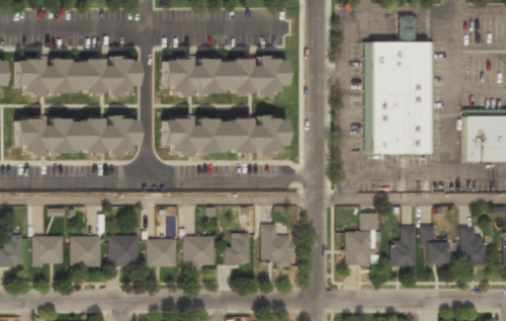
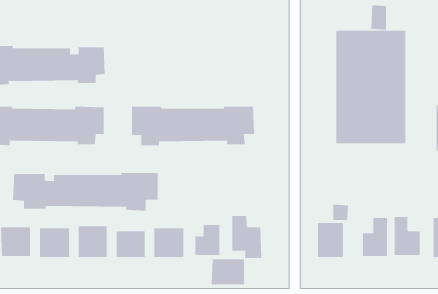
building: [161,57,283,95] -> none
building: none -> [13,172,158,212]
building: none -> [211,258,245,285]

